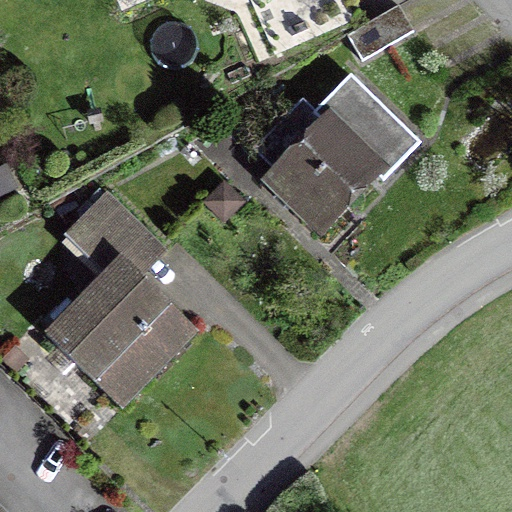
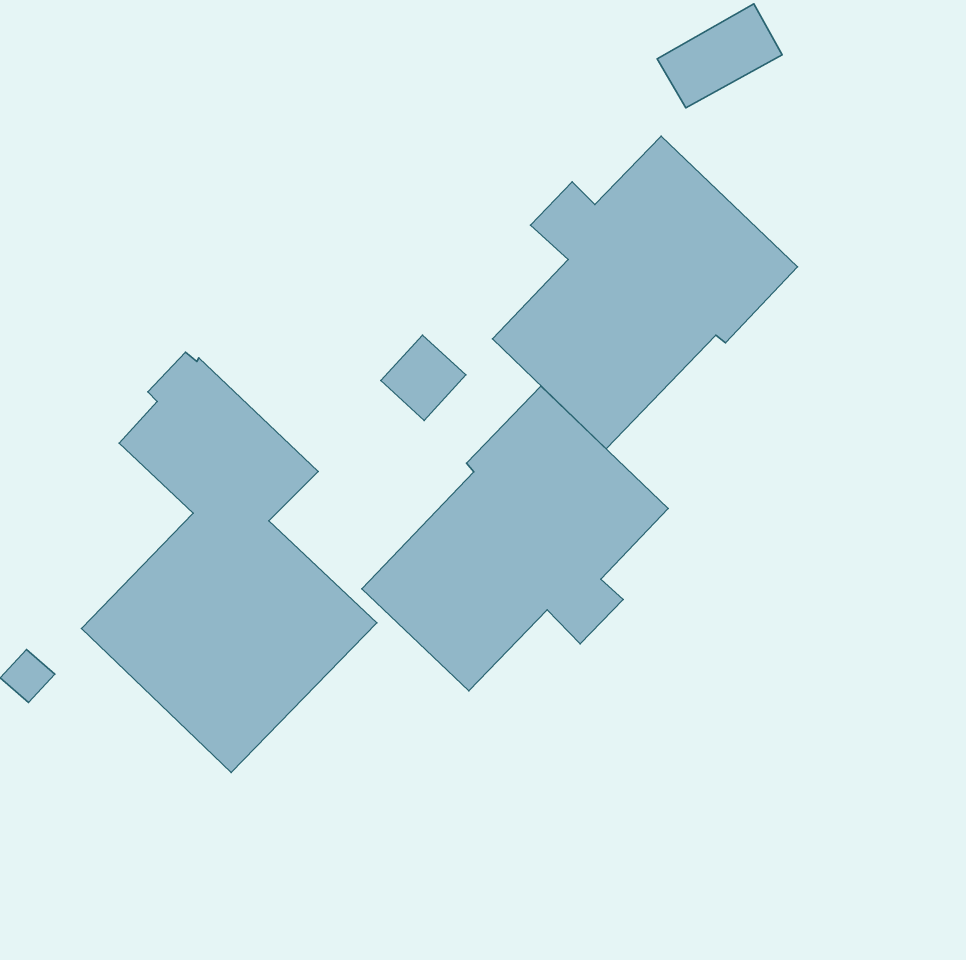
building: none -> [362,386,668,691]

